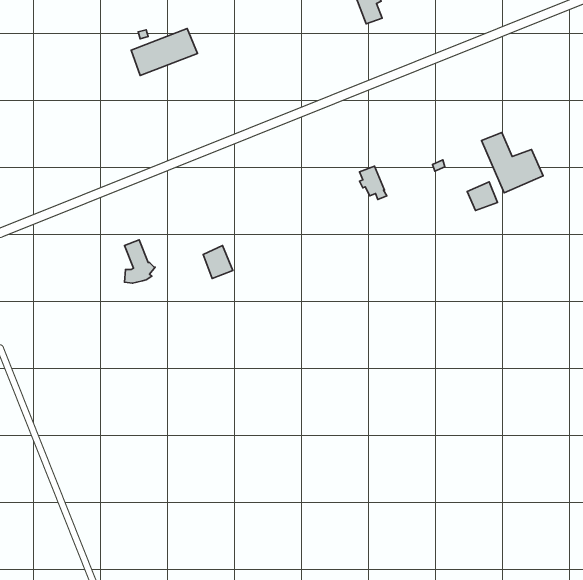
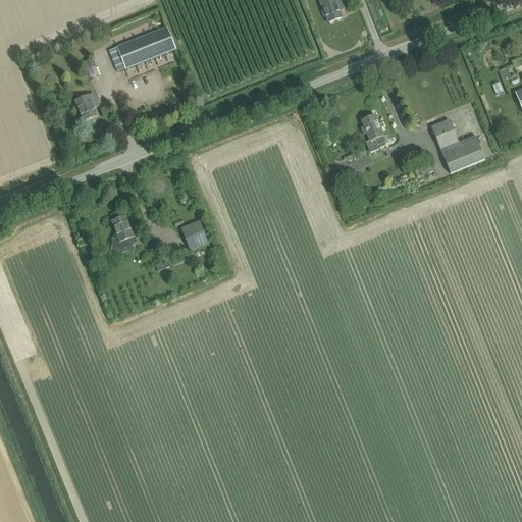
building: none -> [75,92,97,120]
building: [360,166,387,199] -> [361,113,385,143]
building: [467,182,497,211] -> none

